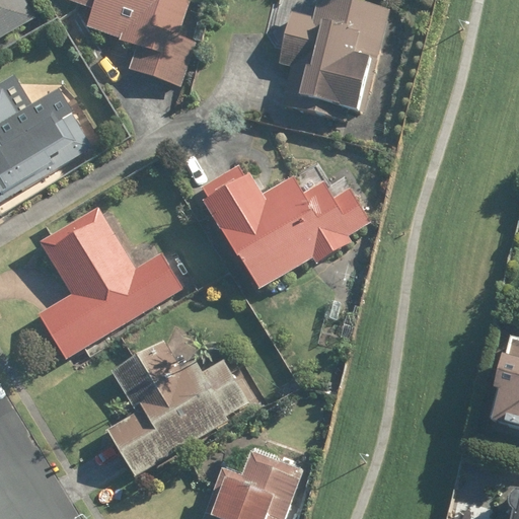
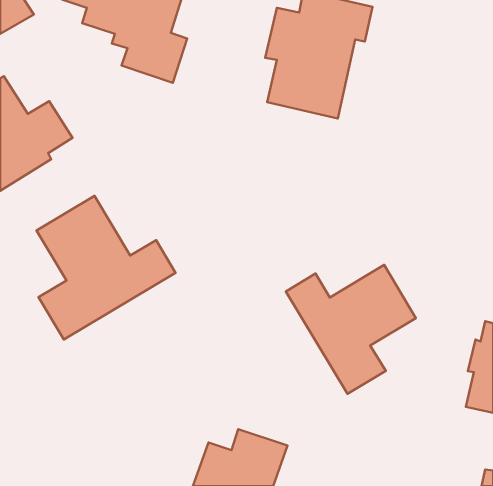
building: [200,160,372,292] -> none
building: none -> [286,265,416,394]
building: [105,338,250,475] -> none

